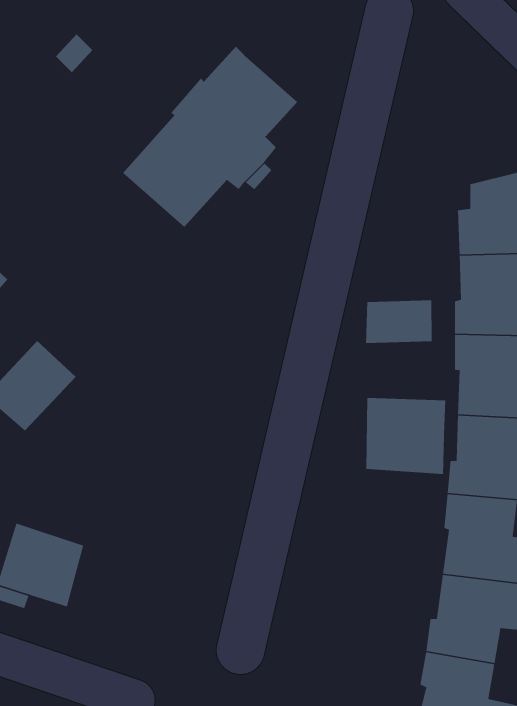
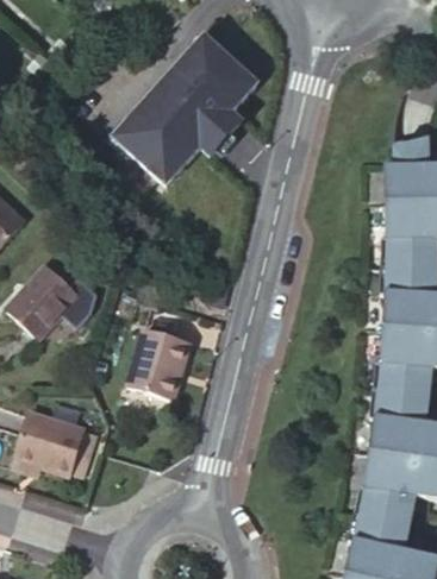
building: [365,300,433,344] -> none
building: [365,397,446,475] -> none
building: none -> [130,329,193,401]

